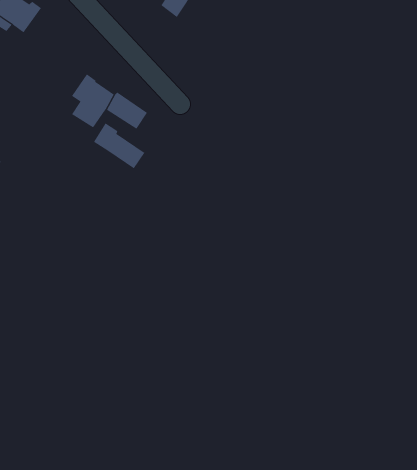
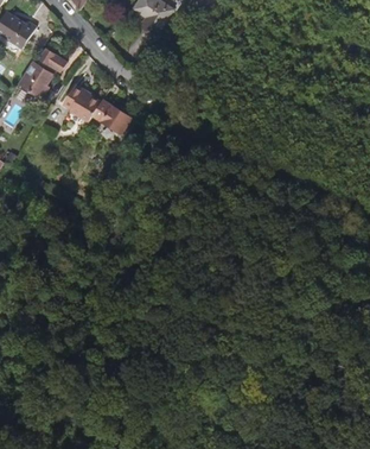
building: none -> [17,49,64,97]
building: [93,122,145,169] -> none

